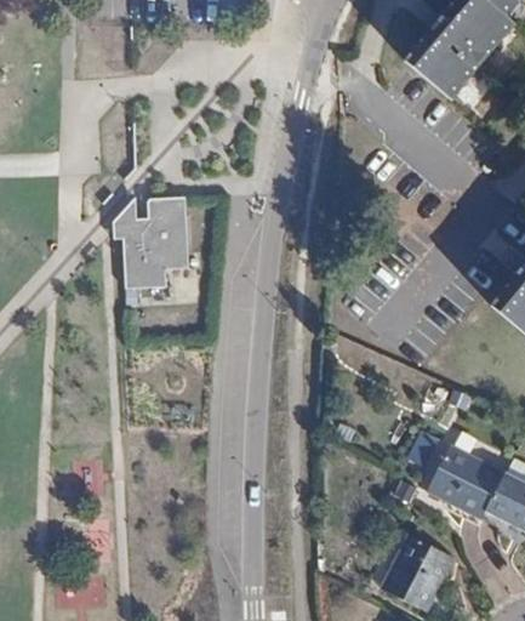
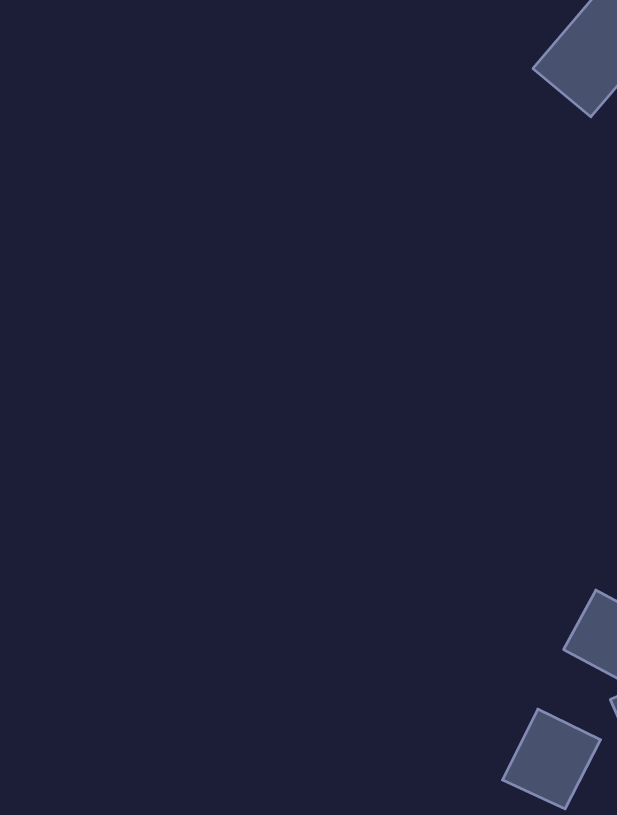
building: [116,199,193,291] -> none

